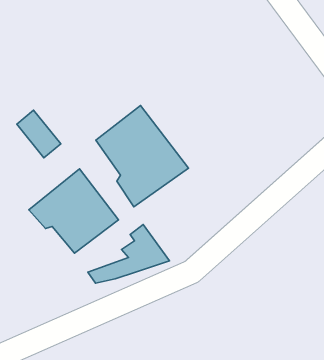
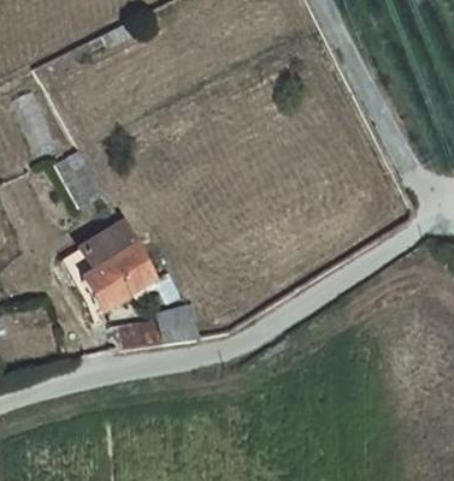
building: [96,105,189,207] -> none

